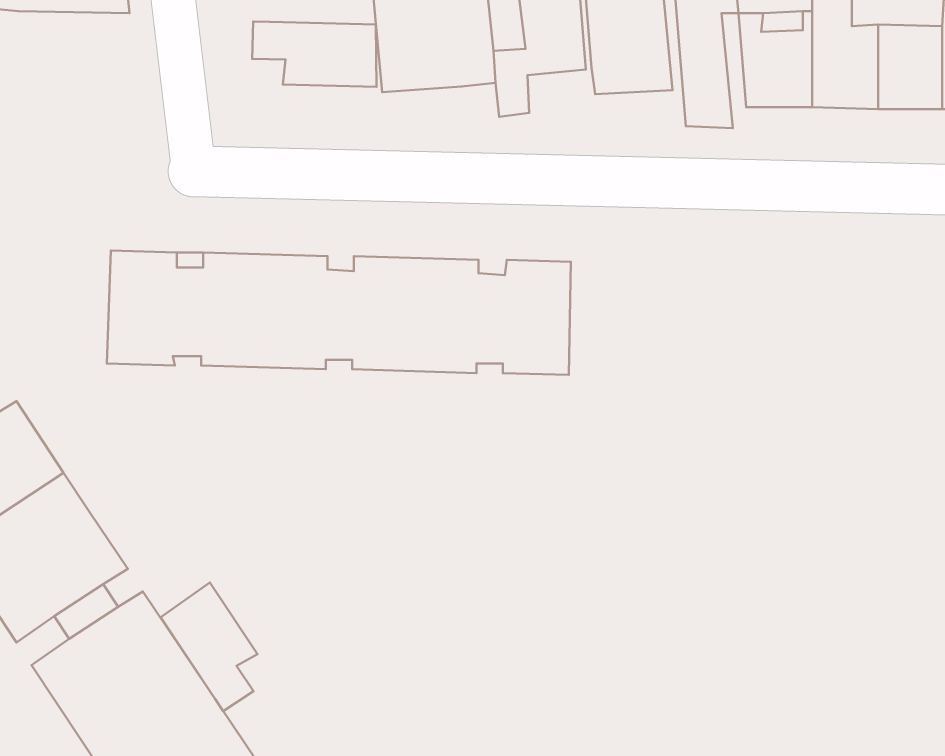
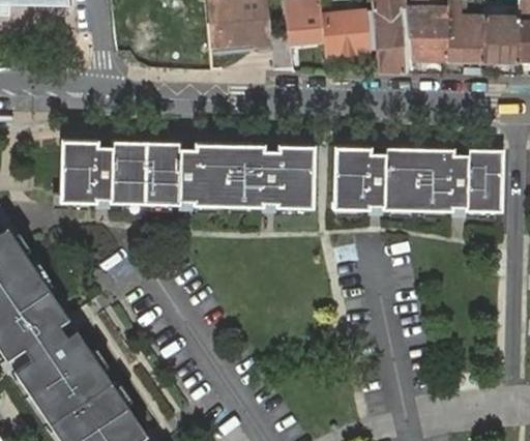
building: [252,21,376,87] -> none
building: none -> [332,147,504,213]
building: [161,582,258,711] -> none

